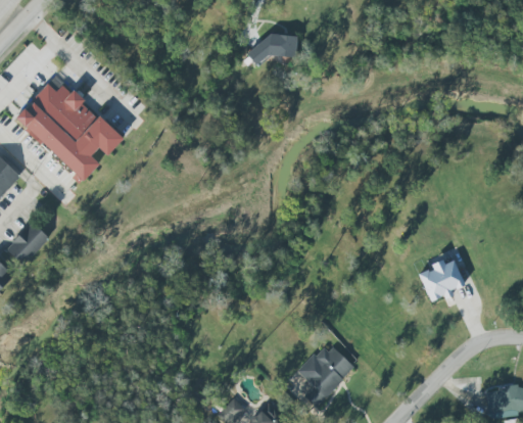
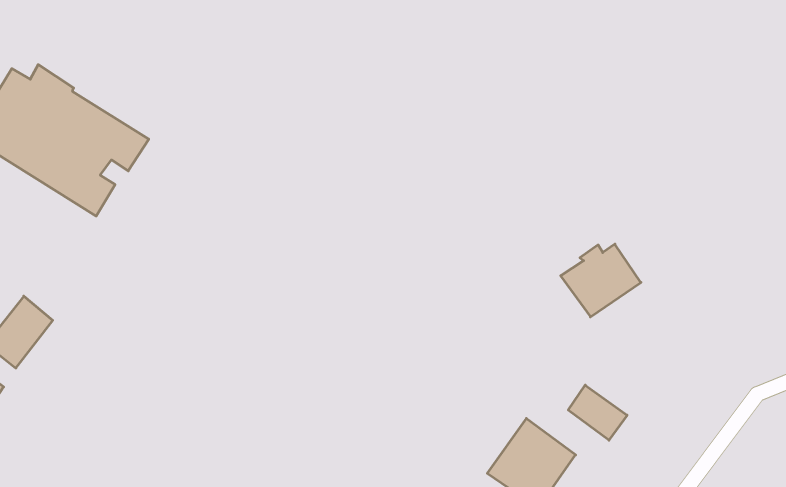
building: [418,258,466,301] -> [561,244,641,317]
building: none -> [568,385,627,440]

